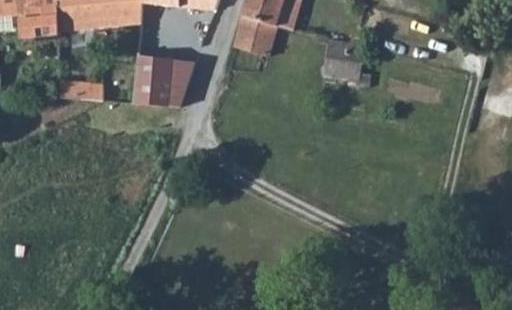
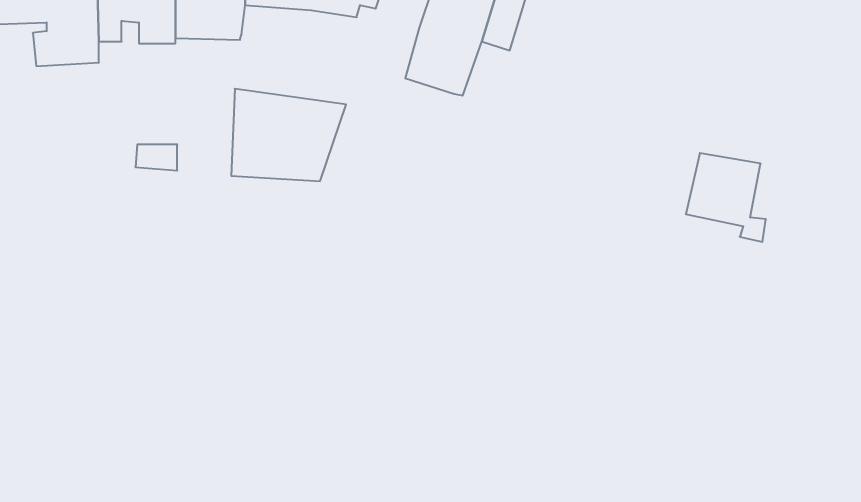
building: [320,39,366,90] -> [686,153,766,242]

